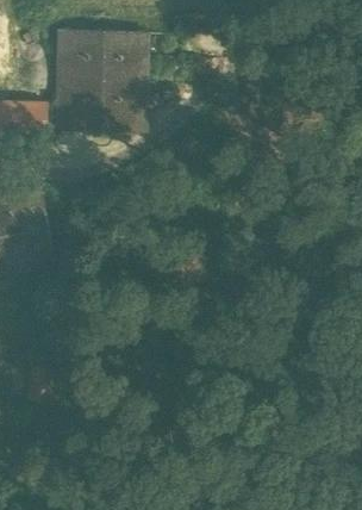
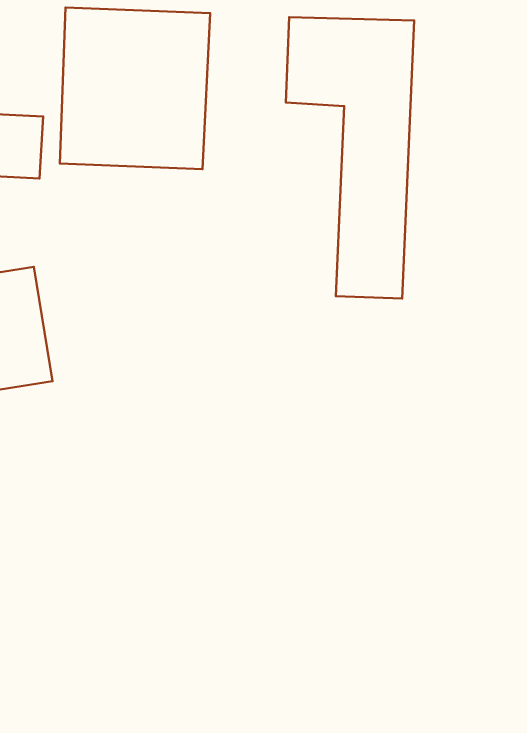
building: none -> [286,17,414,298]

